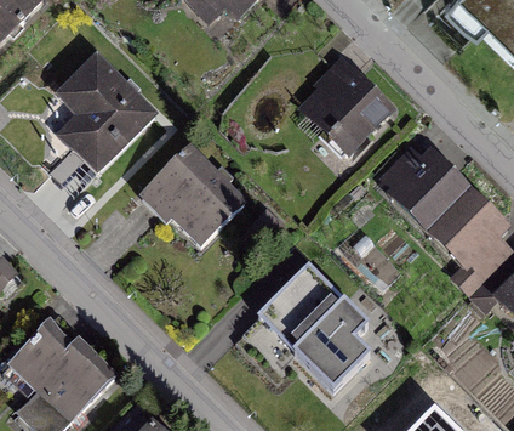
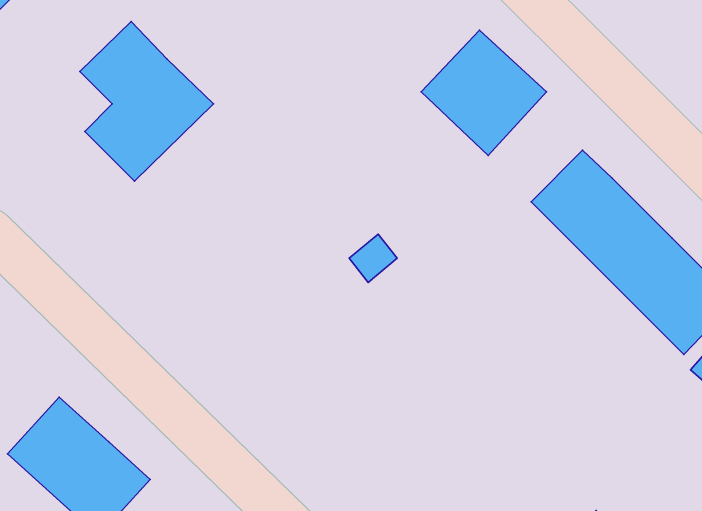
building: [145,151,238,242] -> none
building: [256,265,366,389] -> none

